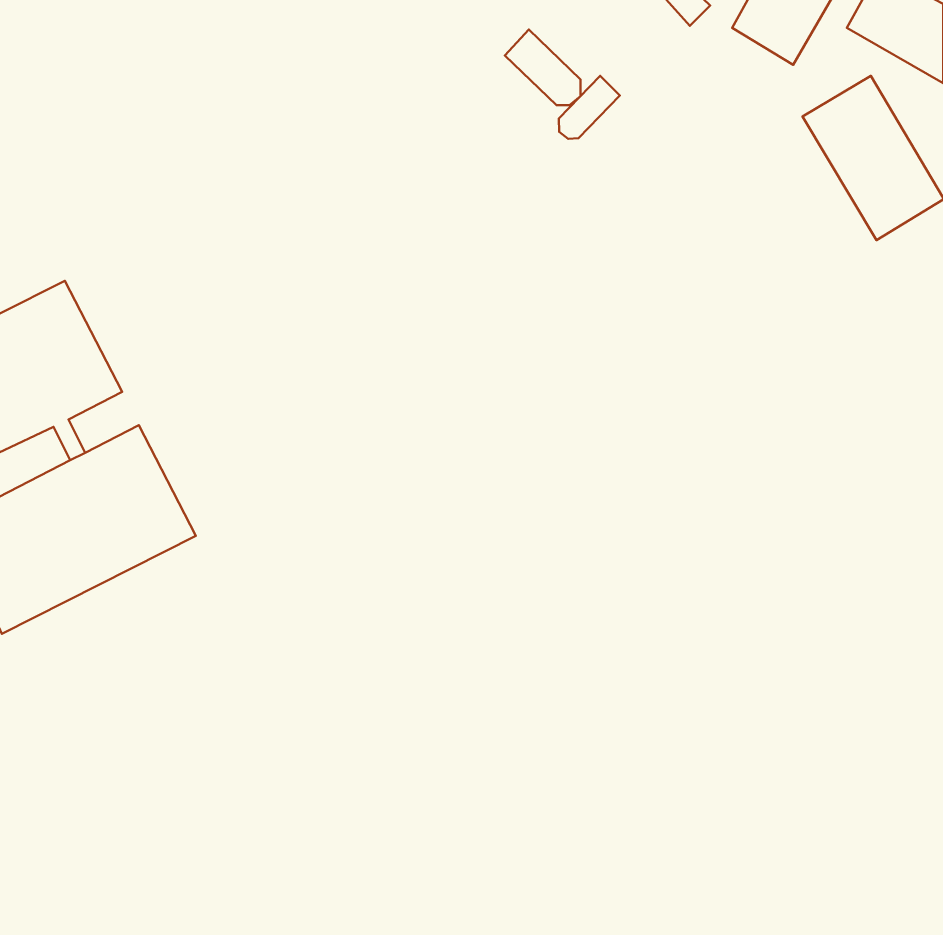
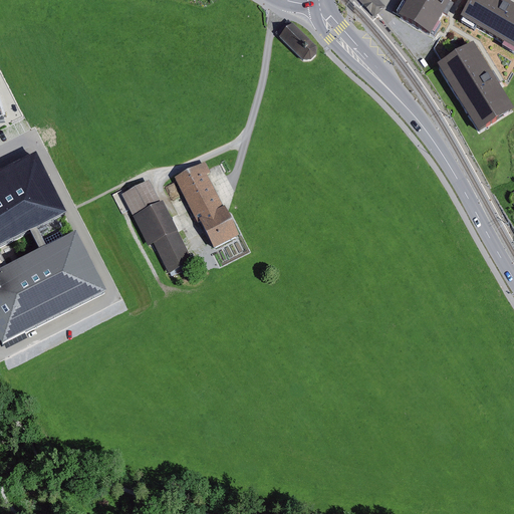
building: [559,76,620,139] -> none
building: none -> [173,160,239,246]
building: none -> [120,178,193,271]

